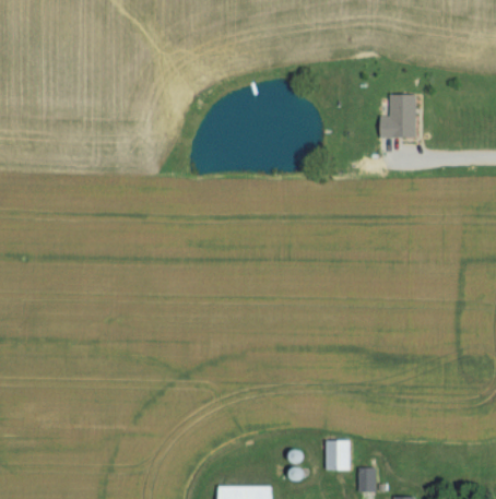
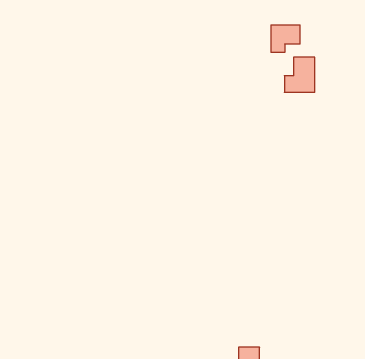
building: none -> [271,25,300,52]

